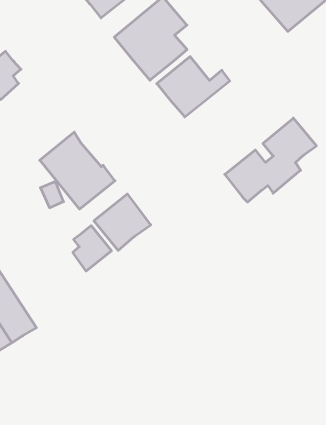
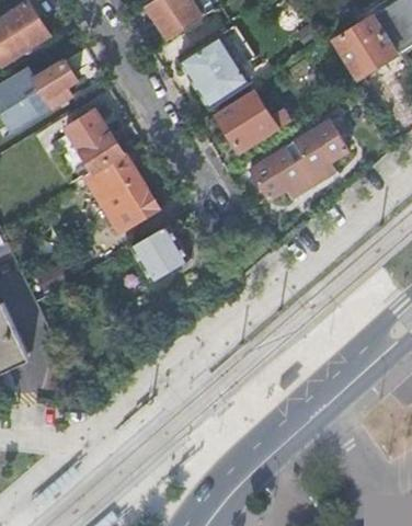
building: none -> [64,107,123,176]
building: [225,118,316,202] -> [249,119,347,199]
building: [73,226,111,271] -> none

